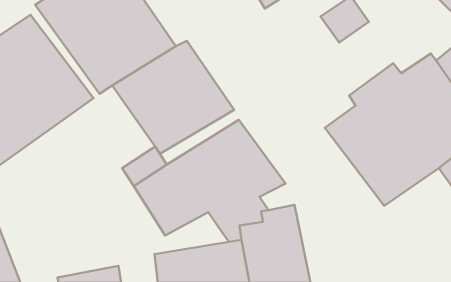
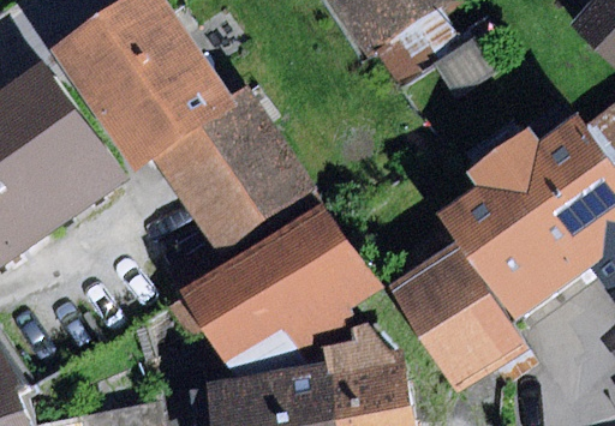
building: none -> [388,245,526,392]

